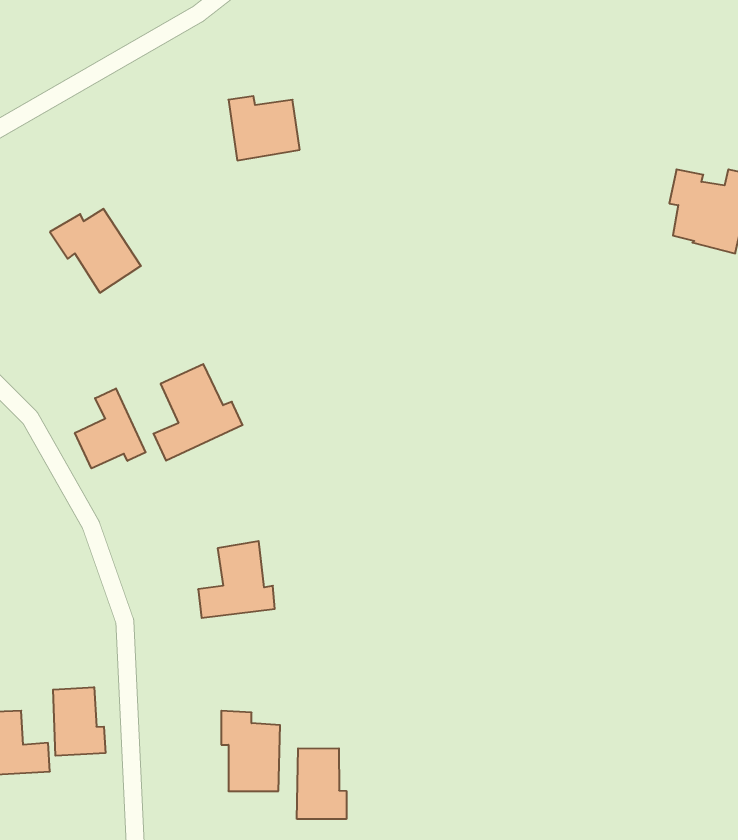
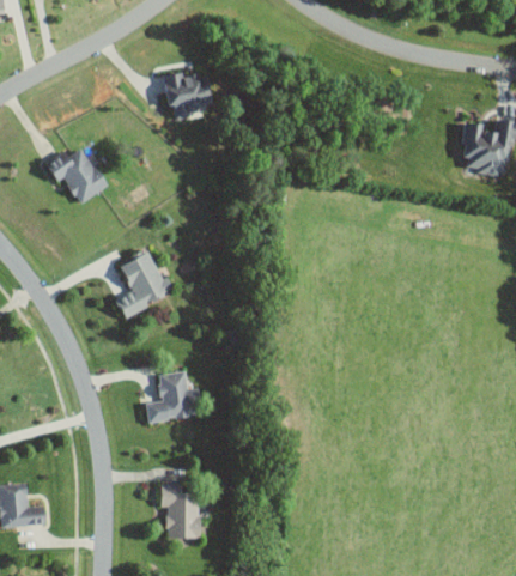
building: [75,388,146,468] -> none
building: [53,687,105,756] -> none
building: [297,748,346,819] -> none

